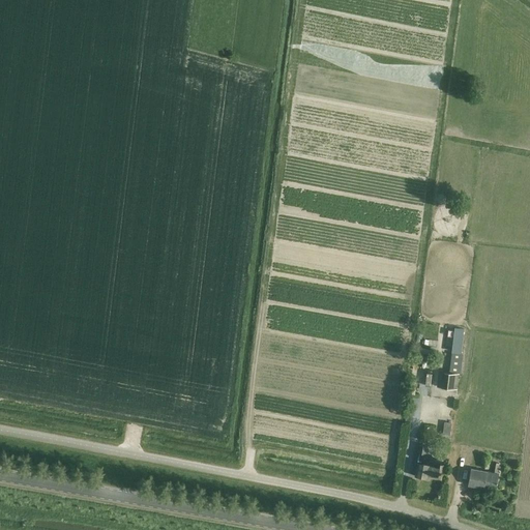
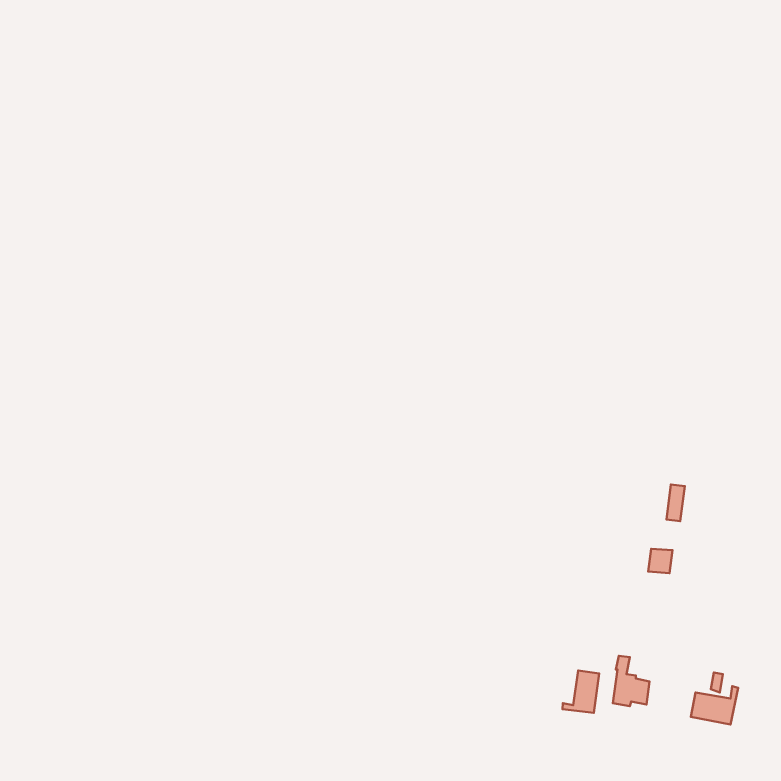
building: none -> [562,671,599,713]

